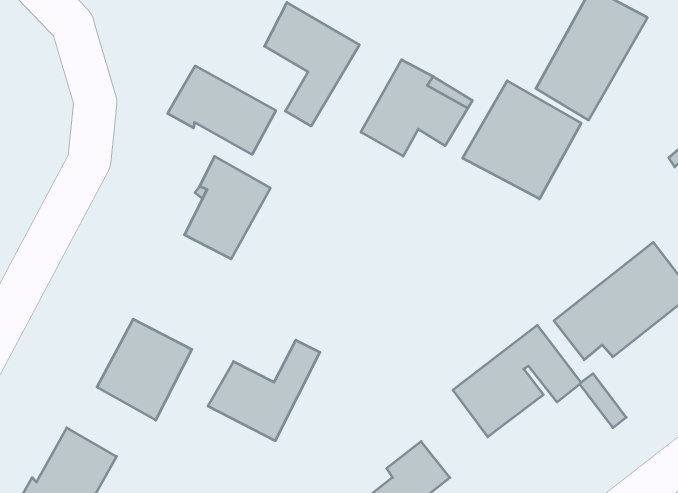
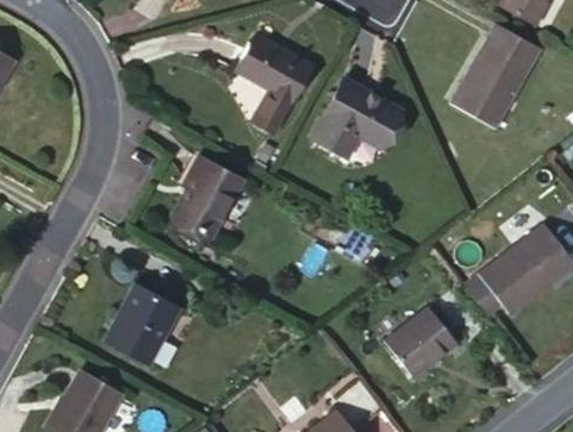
building: [168,66,276,154] -> none
building: [463,81,581,199] -> none
building: [208,340,320,441] -> none

